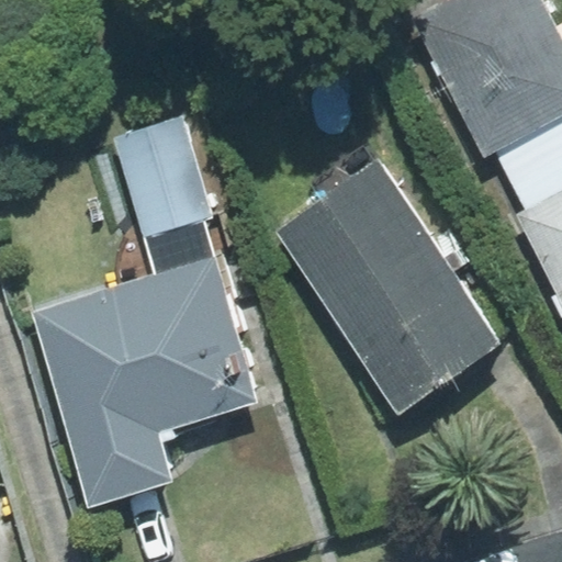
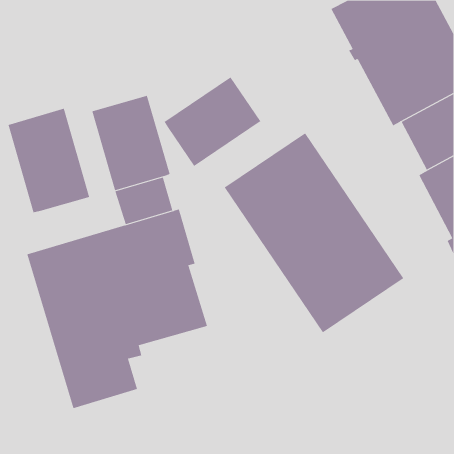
building: none -> [164,77,261,167]
building: none -> [8,108,90,213]

